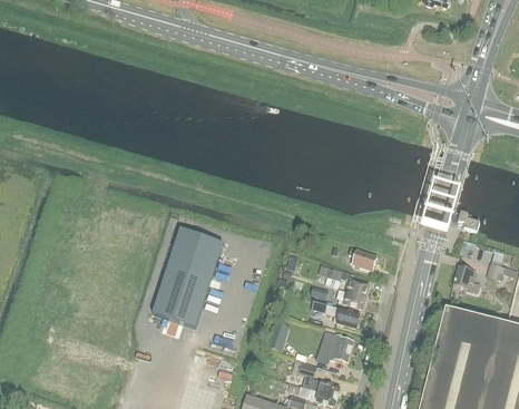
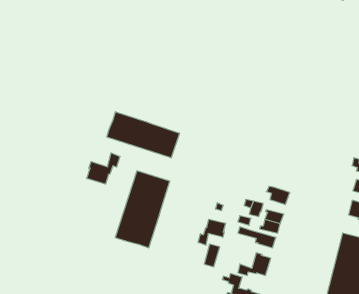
building: none -> [107,112,179,158]
building: none -> [87,153,120,184]
building: none -> [198,219,225,245]

